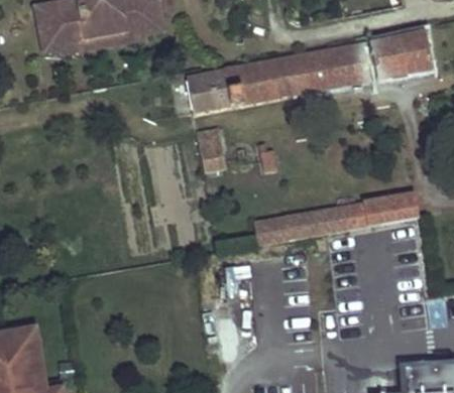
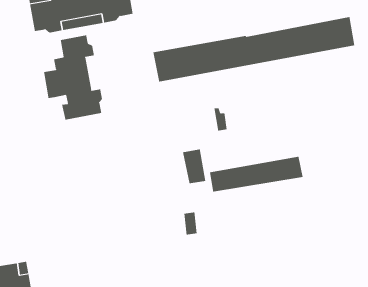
building: none -> [44,35,103,121]
building: [196,127,225,169] -> [182,149,206,184]
building: [363,192,419,227] -> none

